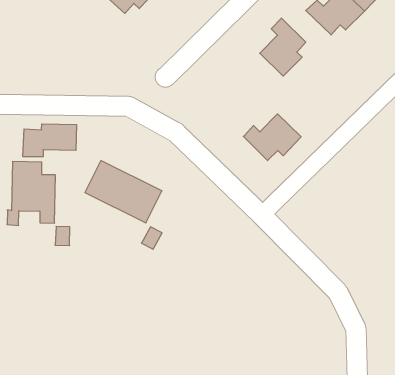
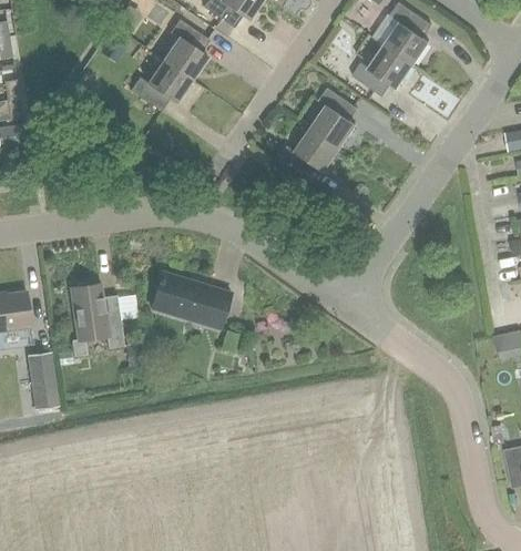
building: [243,114,301,161] -> [277,129,338,180]
building: [23,124,77,157] -> none

